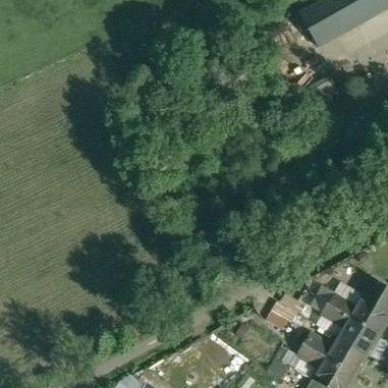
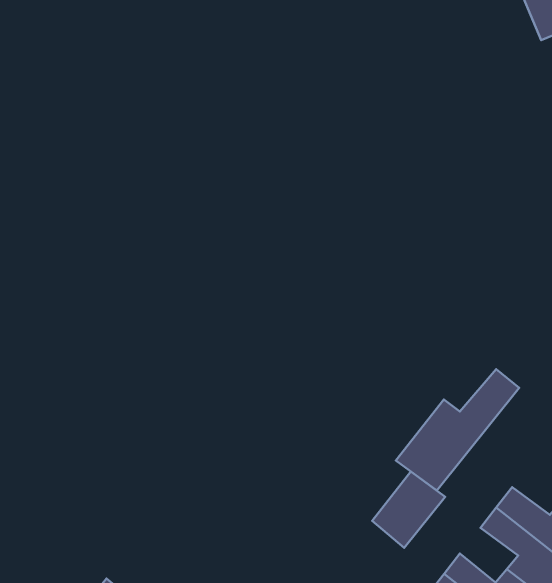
building: none -> [396,369,519,490]

